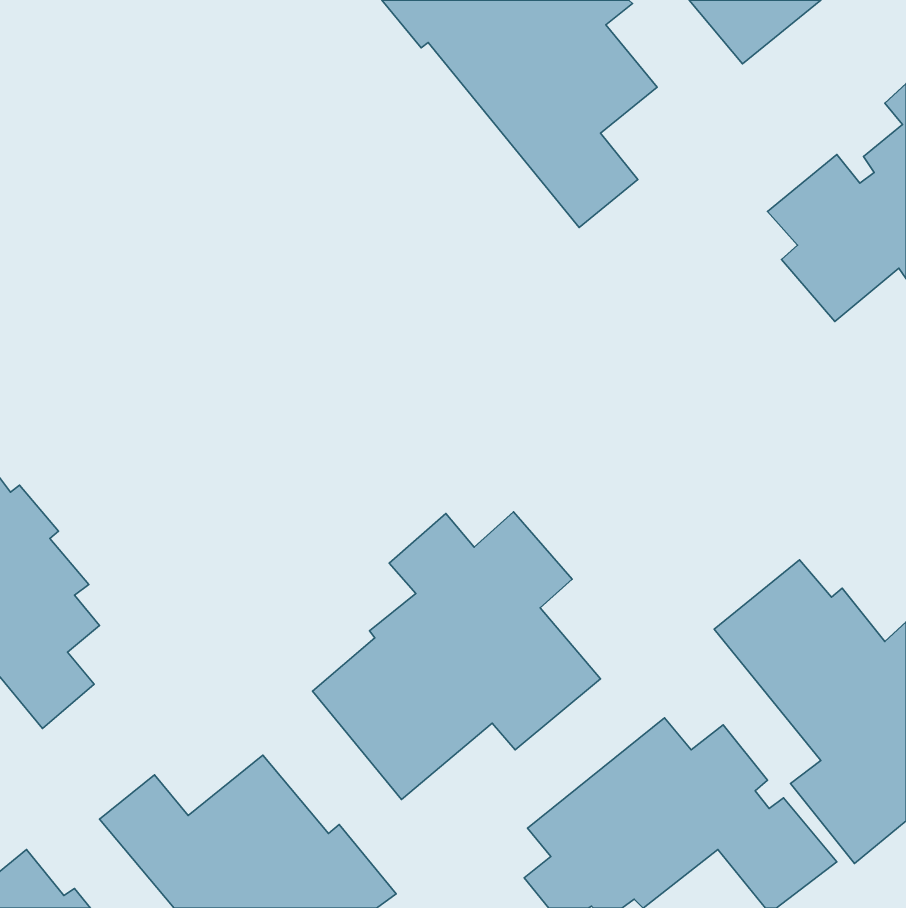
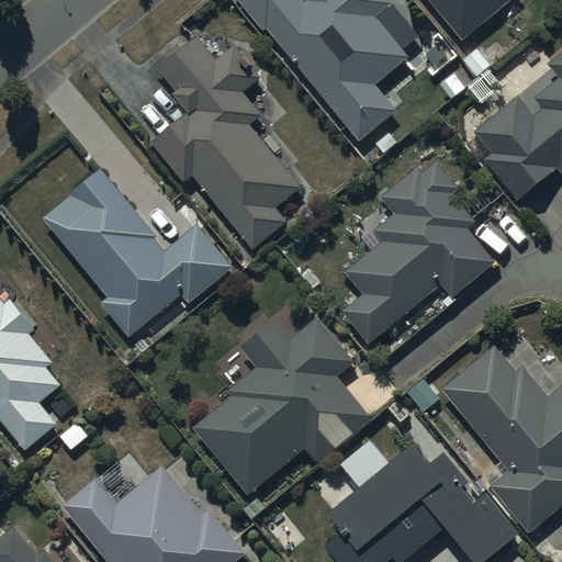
building: none -> [153,35,302,247]
building: none -> [340,161,493,342]
building: none -> [43,169,232,336]

